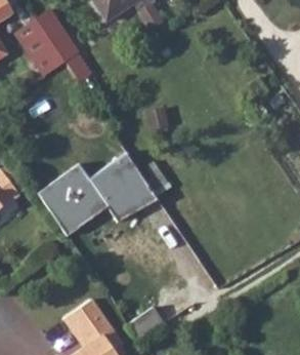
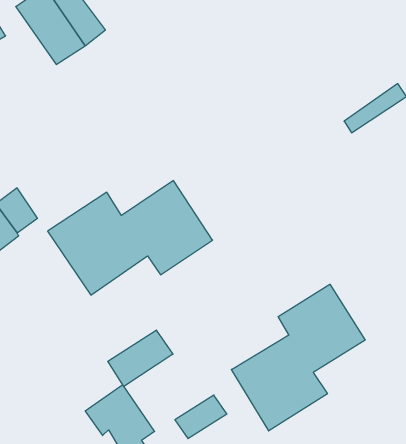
building: none -> [231,284,365,431]
building: none -> [108,330,173,387]

